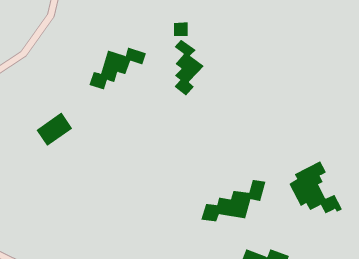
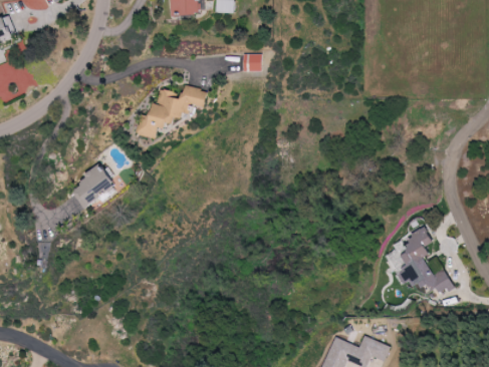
building: [173,39,205,96] -> none
building: [201,179,266,222] -> none

